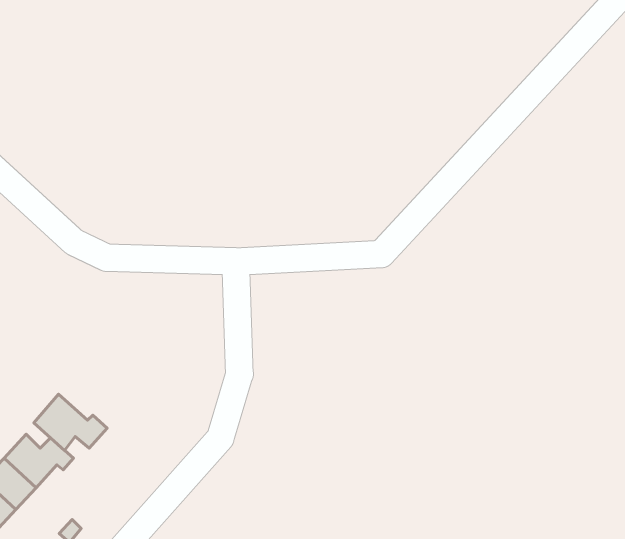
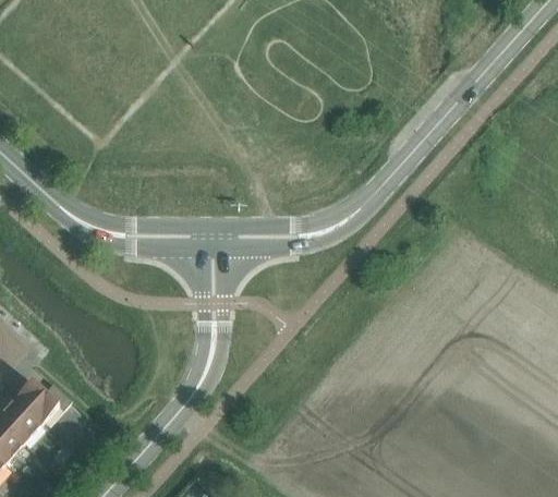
building: [34,394,107,450] -> none

